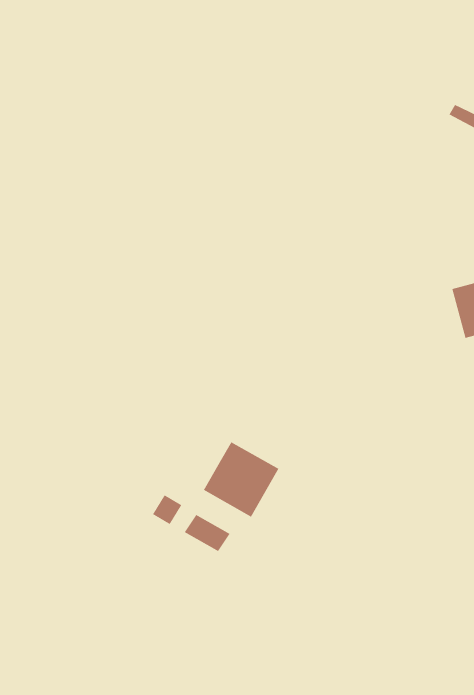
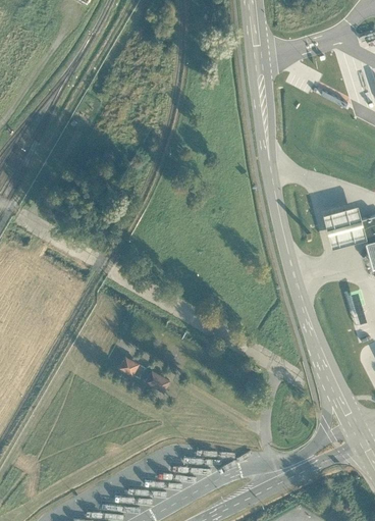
building: [203,442,279,517] -> none

